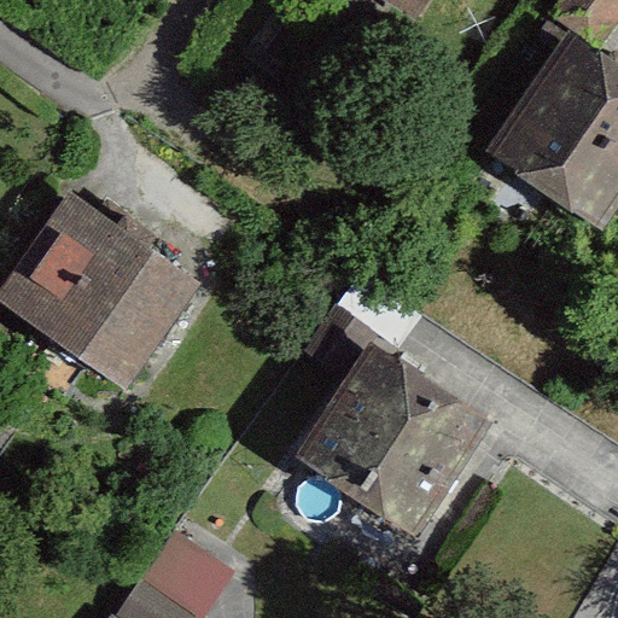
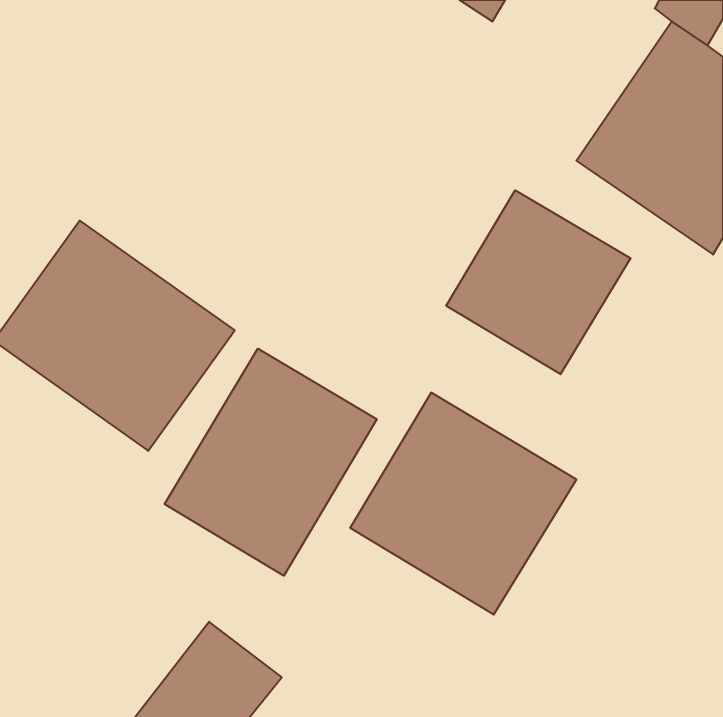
building: none -> [446,190,631,374]
building: none -> [165,349,377,576]

